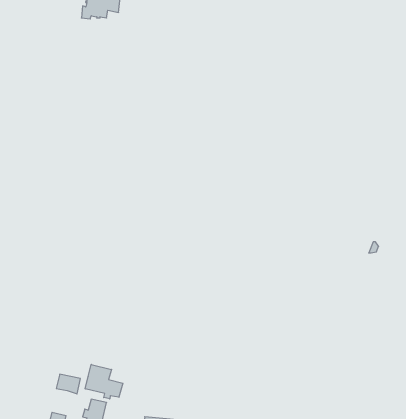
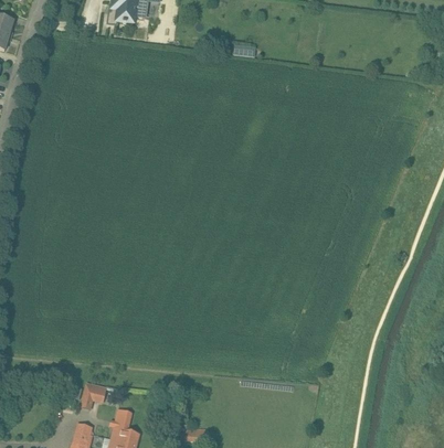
building: [85,364,123,399] -> none

